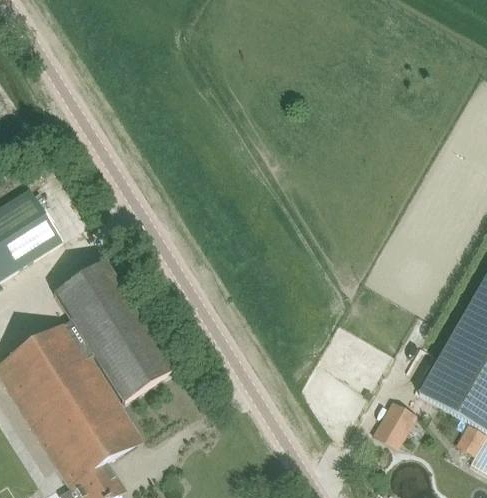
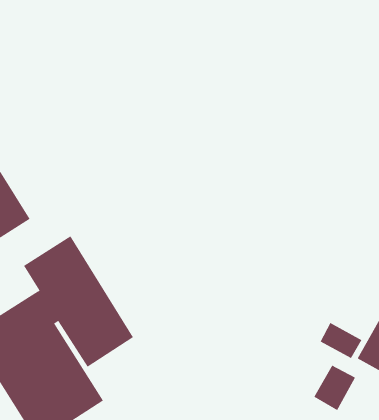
building: none -> [320,322,362,359]

